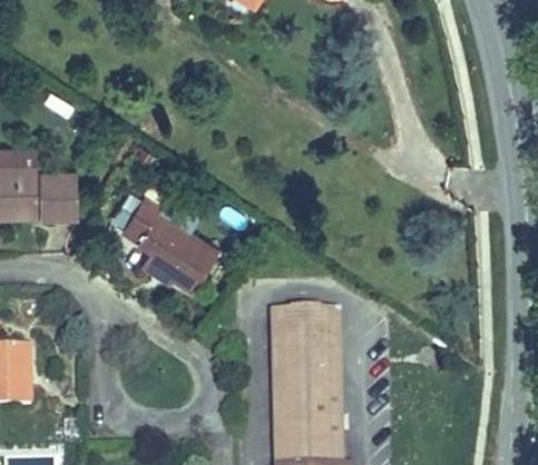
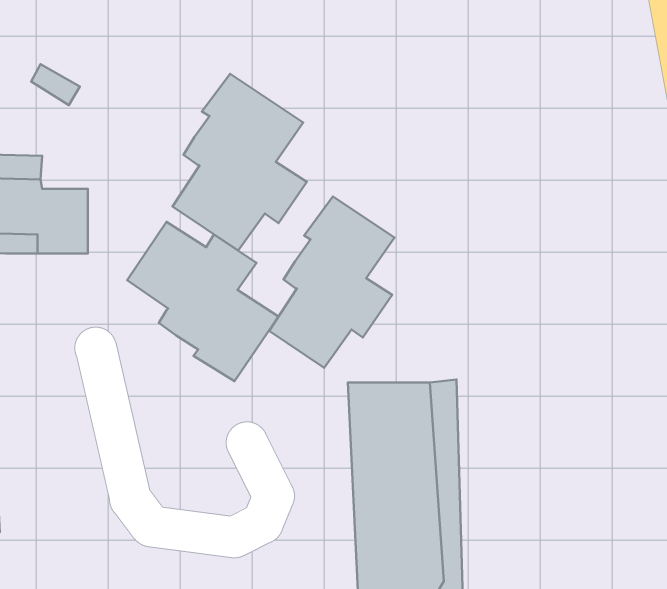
building: none -> [173,74,307,251]
building: none -> [269,196,394,368]

